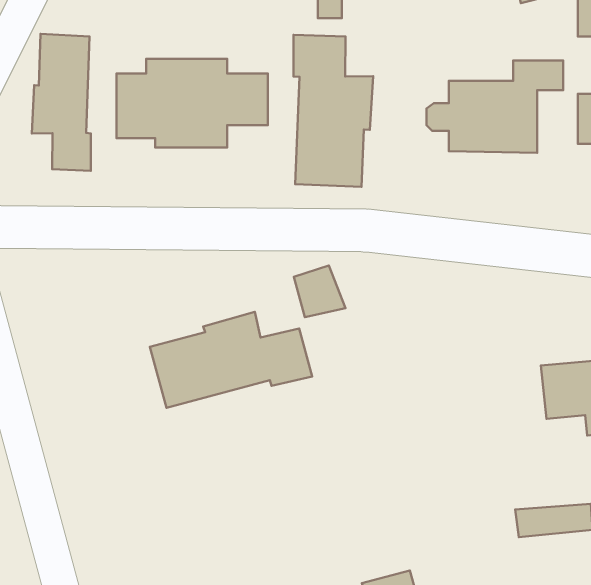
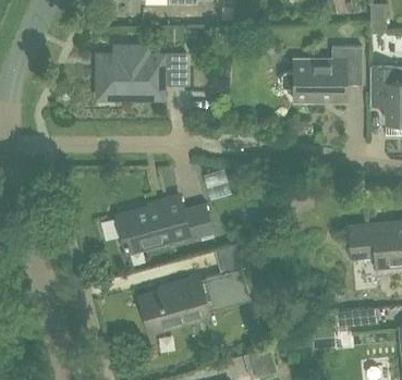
building: [32,34,91,171] -> none
building: [293,35,373,187] -> none
building: none -> [139,243,249,346]

